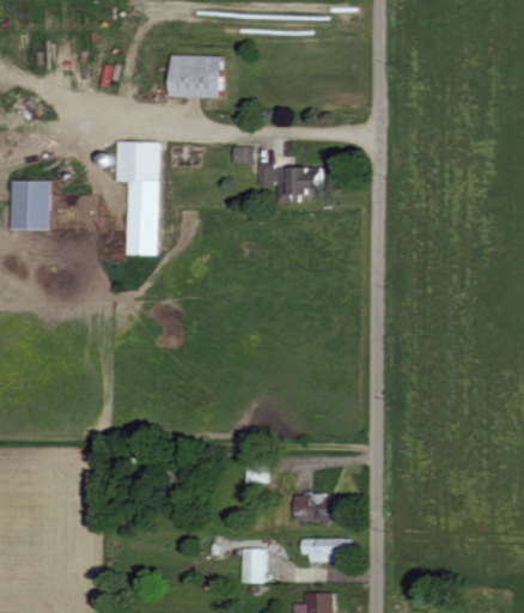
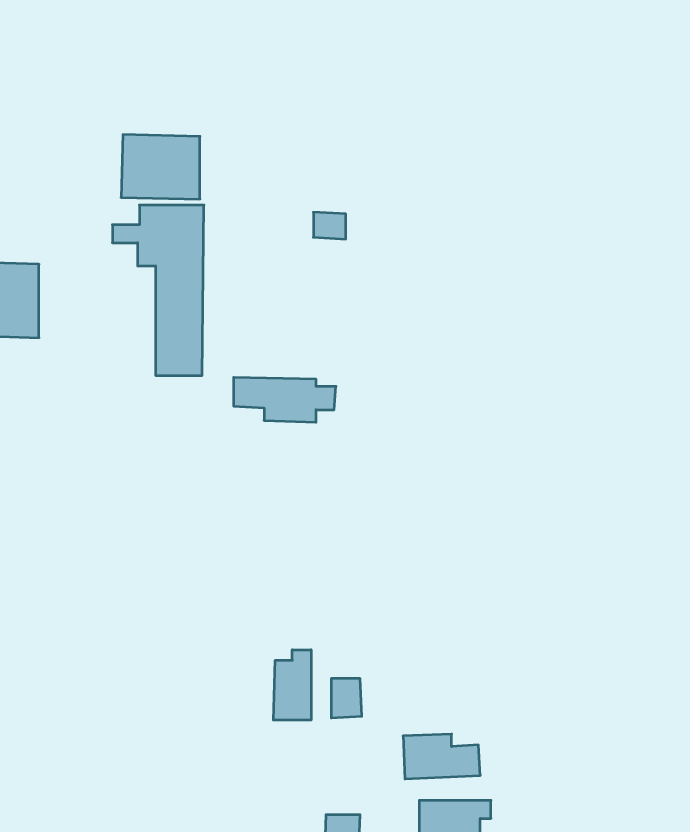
building: [170,55,223,98] -> [121,135,200,199]
building: [256,166,324,196] -> [234,377,336,422]
building: none -> [273,650,311,720]

